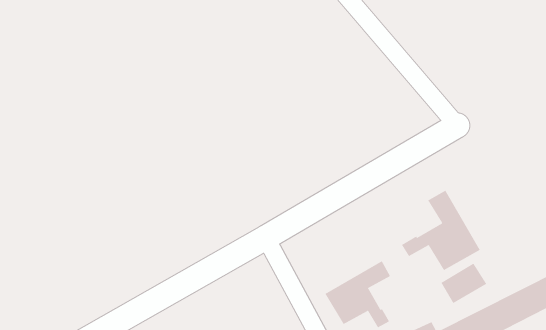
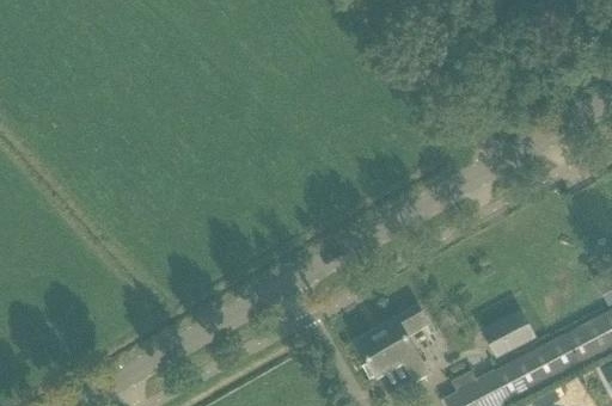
building: [401,190,481,271] -> none

